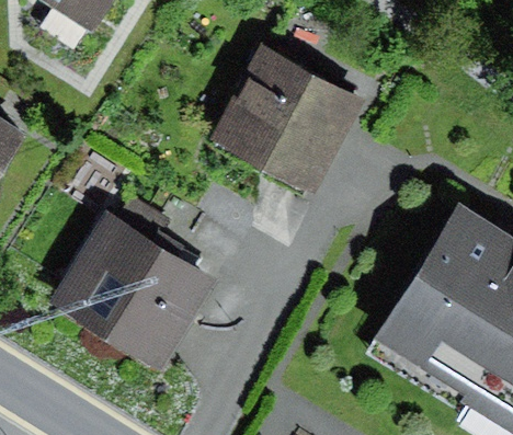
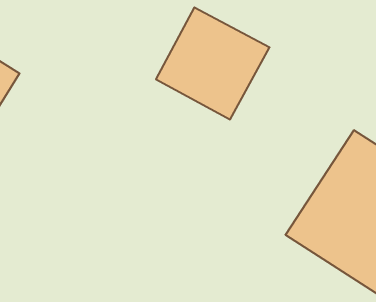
building: [48,214,214,370] -> none

